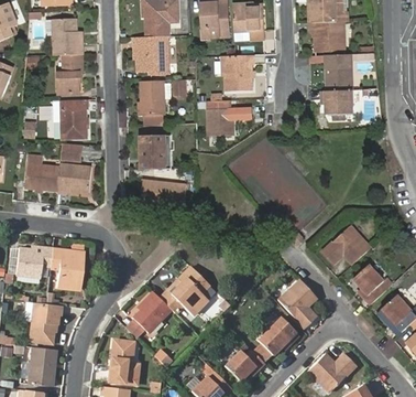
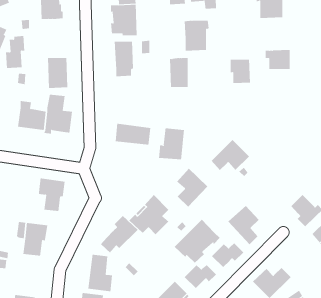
building: [57,54,81,94] -> [5,36,25,68]
building: [329,63,354,93] -> [230,59,251,84]
building: [143,137,172,170] -> none
building: none -> [158,128,185,160]
building: [324,228,371,267] -> [211,139,250,171]
building: none -> [176,168,208,208]
building: [15,247,52,277] -> none
building: none -> [174,219,221,263]
building: [29,346,57,385] -> none

